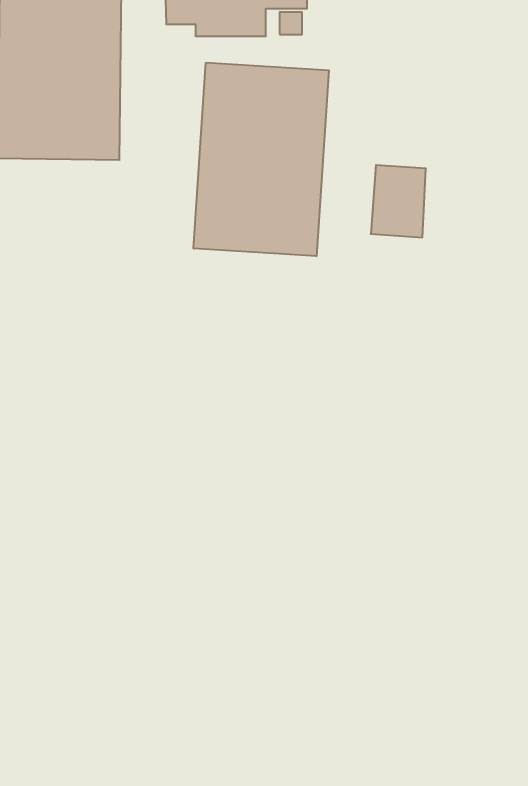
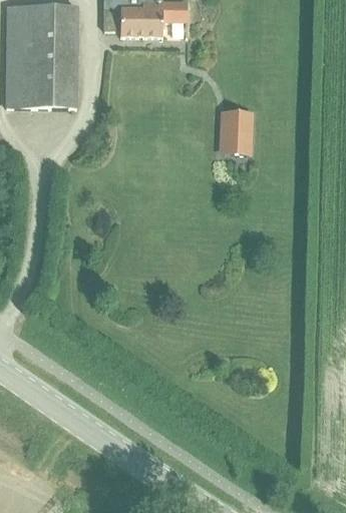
building: [194,63,329,256] -> none

